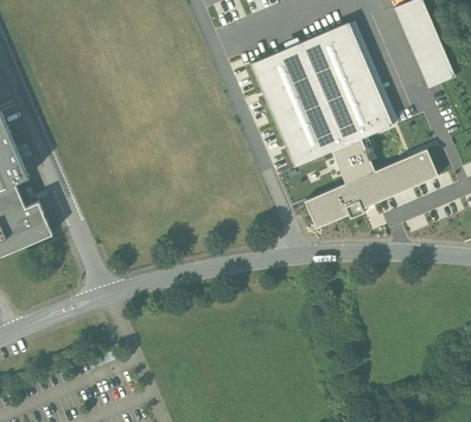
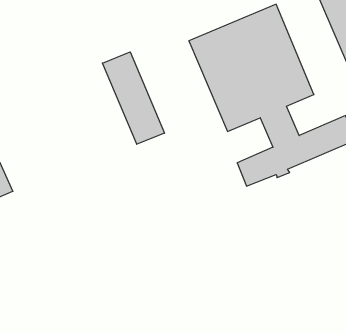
building: none -> [102,52,164,144]

